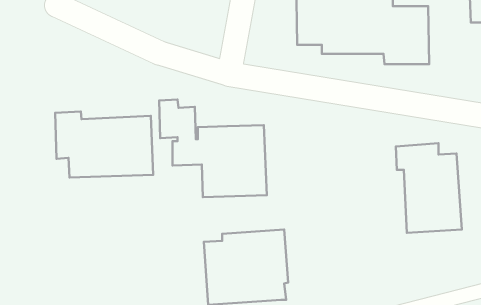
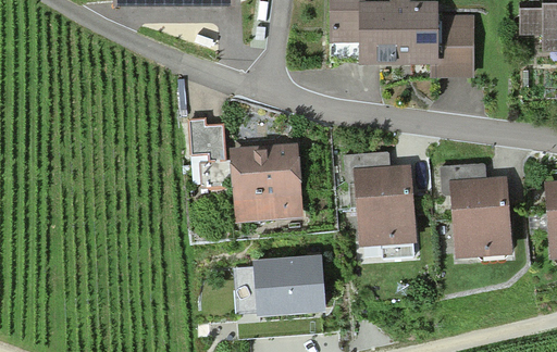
building: [55,112,153,177] -> none
building: none -> [344,151,417,246]

